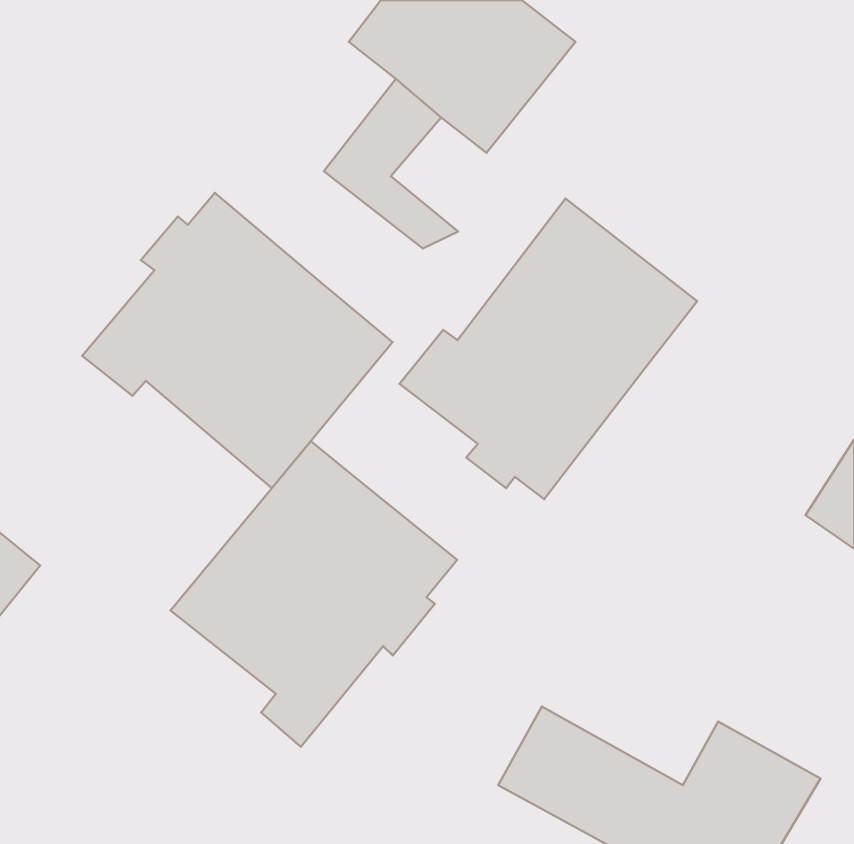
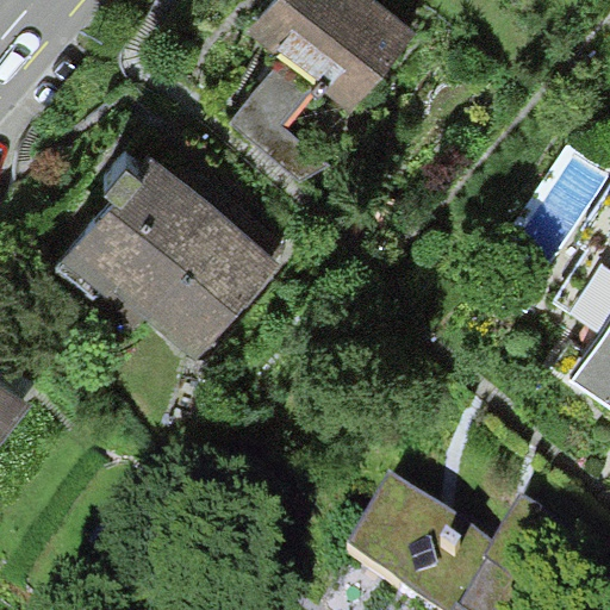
building: [399,198,697,499] -> none
building: [171,441,457,747] -> none

